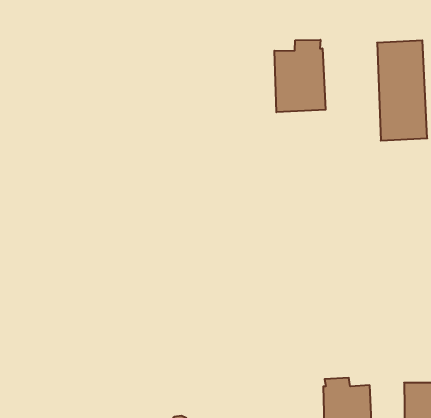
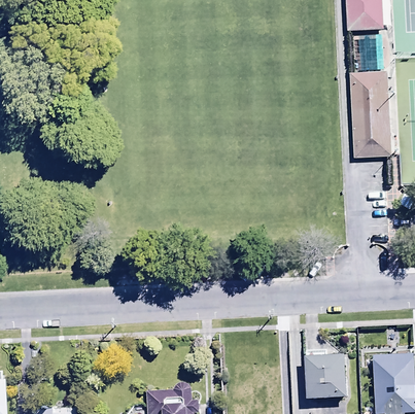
building: [274,40,326,112] -> none

